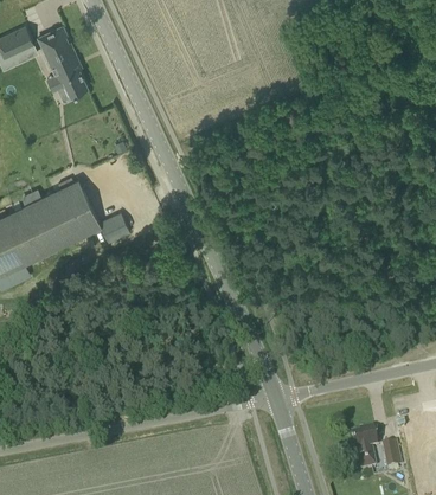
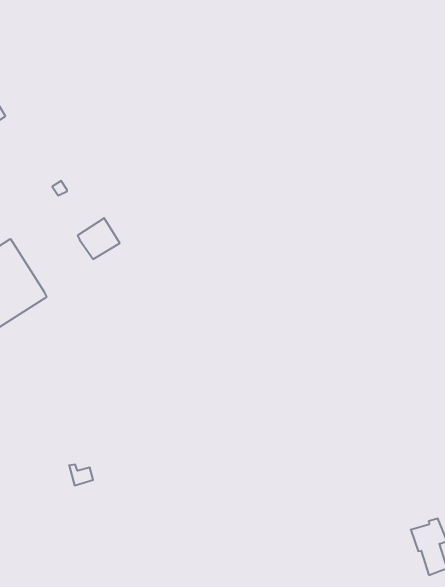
building: [101,213,132,243] -> [78,218,120,259]

